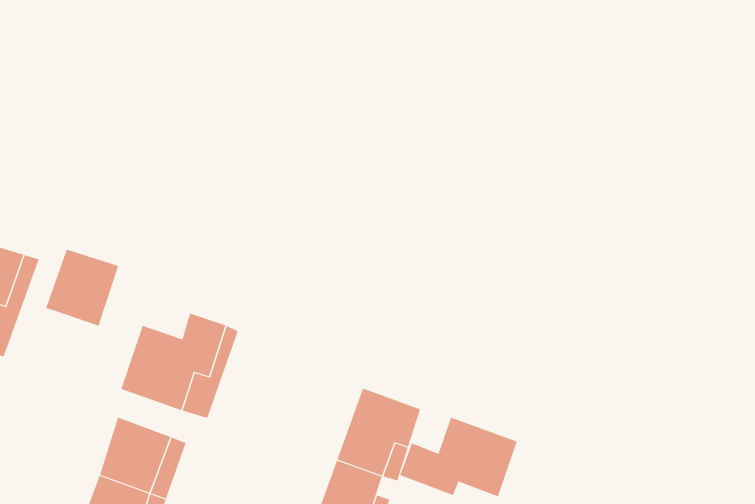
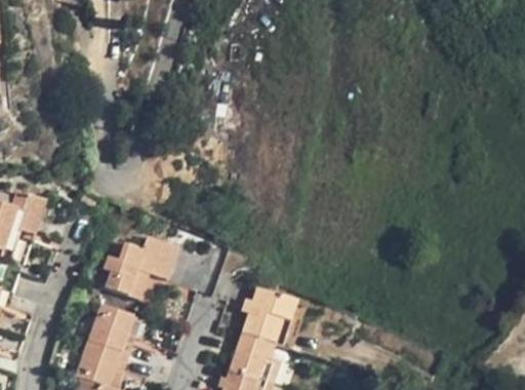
building: [45,249,119,326] -> none
building: [400,417,518,497] -> none

